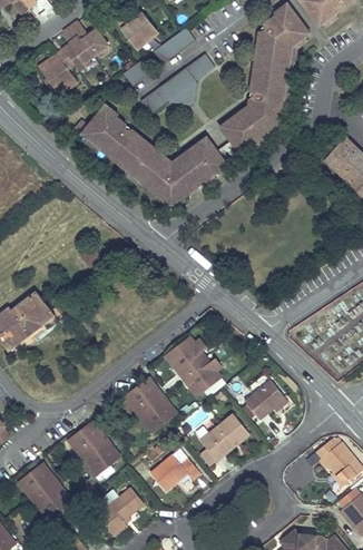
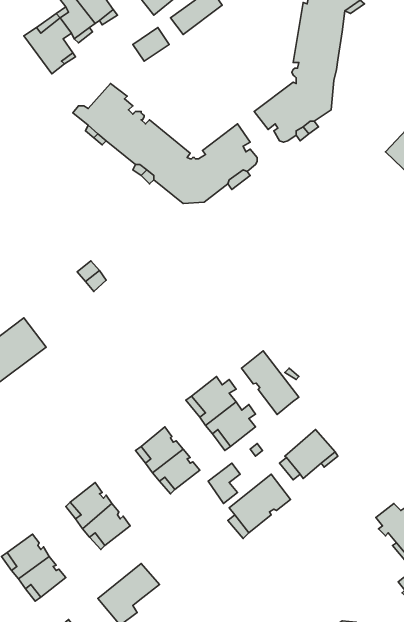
building: [140,53,214,114] -> none
building: none -> [241,351,299,414]
building: [150,454,200,491] -> none

